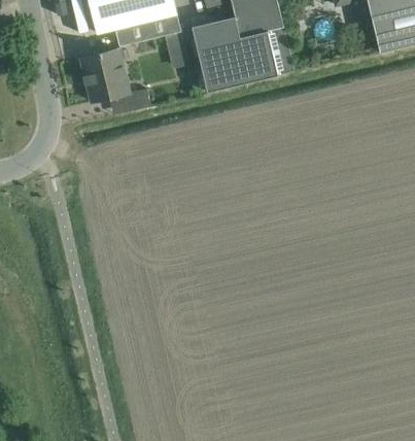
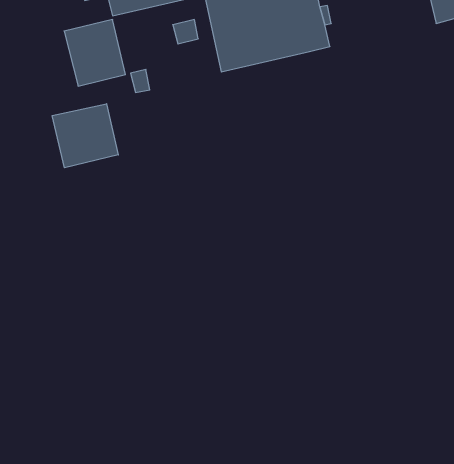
building: none -> [52,104,118,168]

